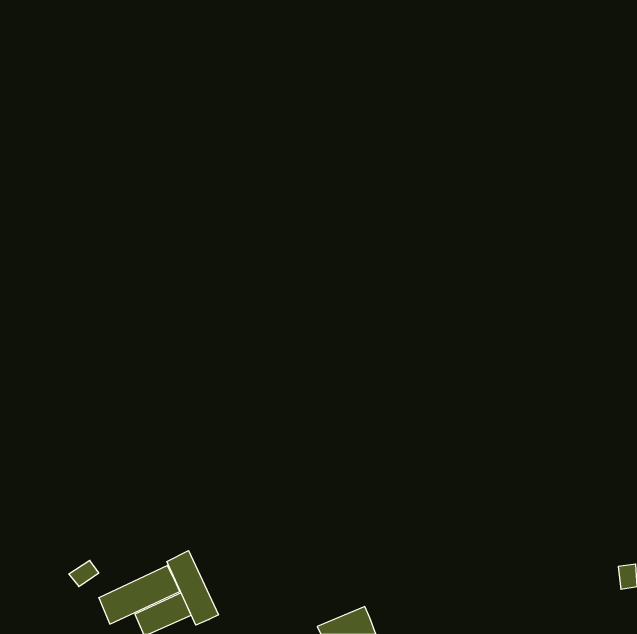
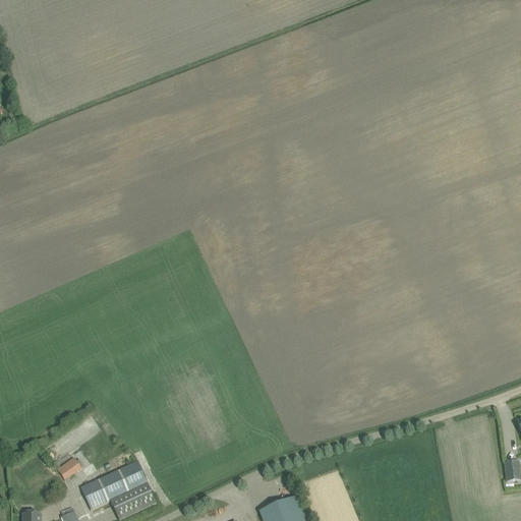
building: [167,551,218,625] -> none

